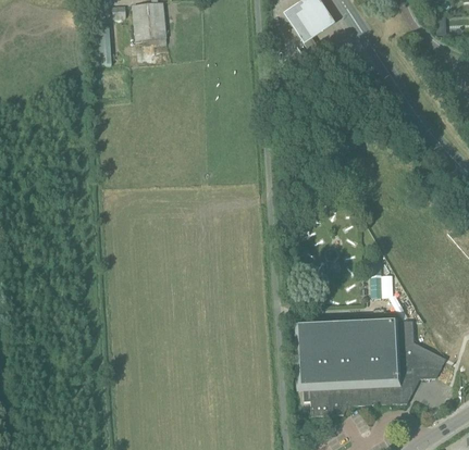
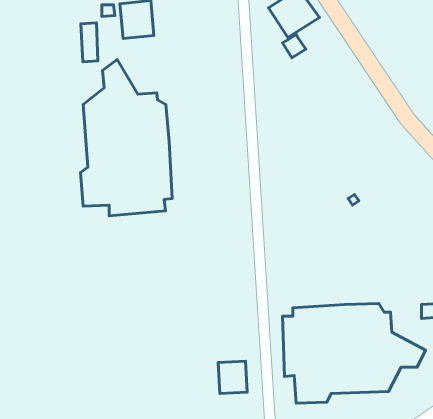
building: none -> [81,59,172,216]
building: none -> [218,361,247,393]

